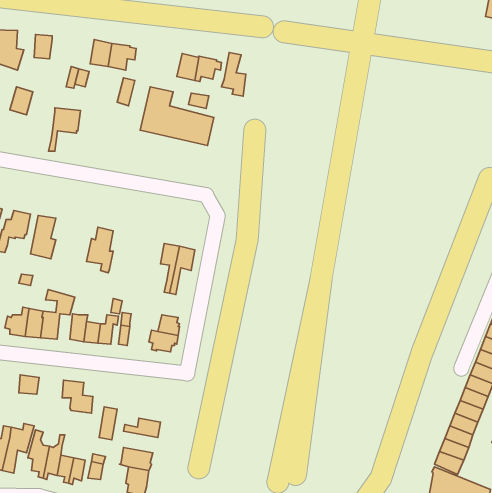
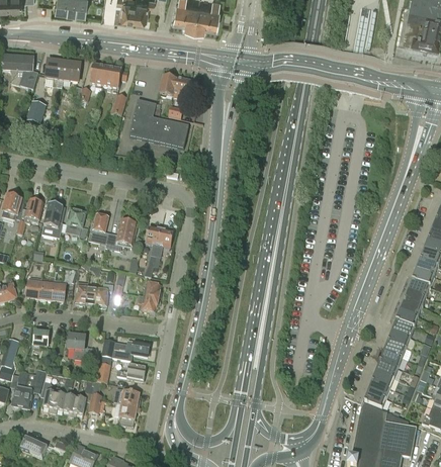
building: [221,53,246,96] -> none
building: [49,108,80,151] -> [55,61,80,95]
building: none -> [65,208,87,245]
building: none -> [105,219,137,249]
building: none -> [101,339,150,359]

